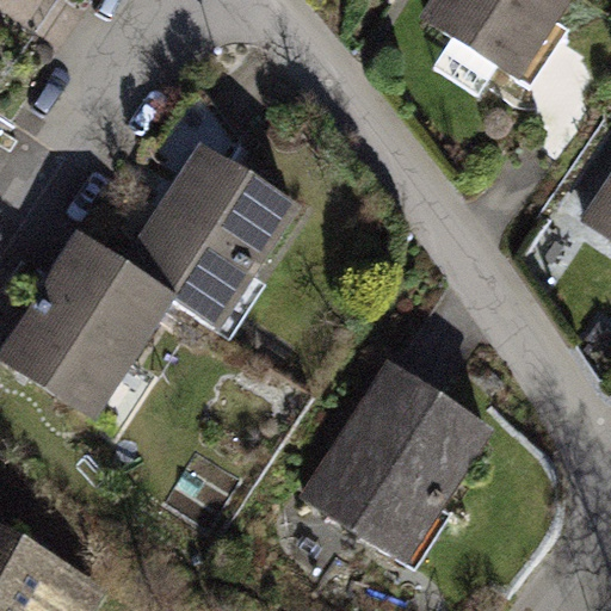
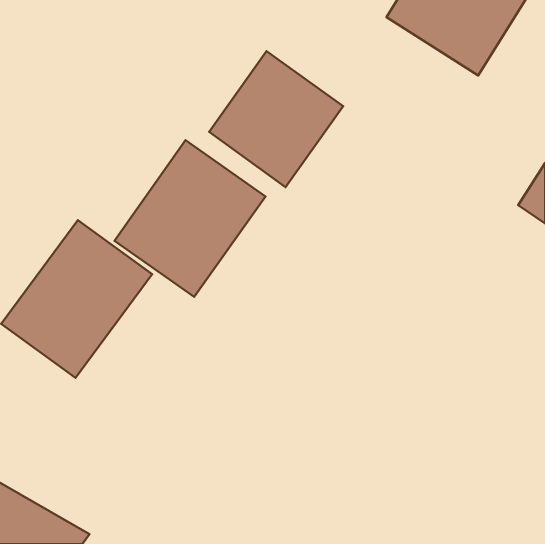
building: none -> [209,51,343,187]
building: [296,354,496,564] -> none

